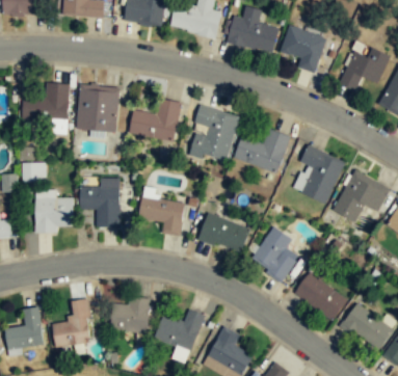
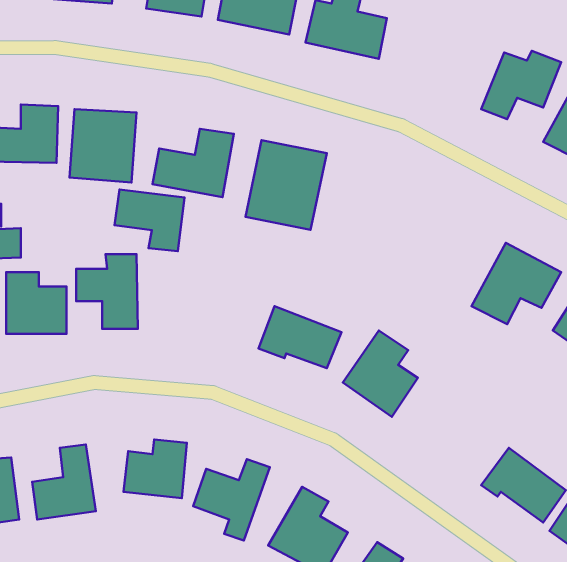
building: [281,25,326,73] -> none
building: [234,128,290,172] -> none
building: [293,144,345,204] -> none
building: [139,195,184,235] -> [114,189,184,251]
building: [294,271,346,320] -> none

